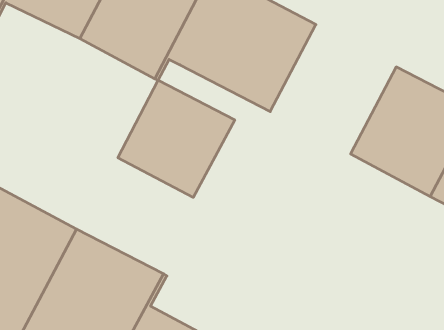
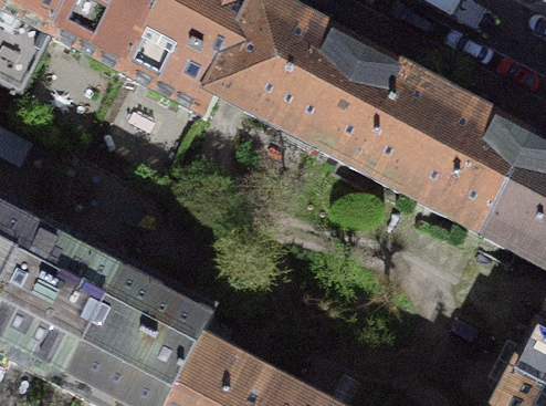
building: none -> [321,55,449,187]
building: [118,80,235,197] -> none

